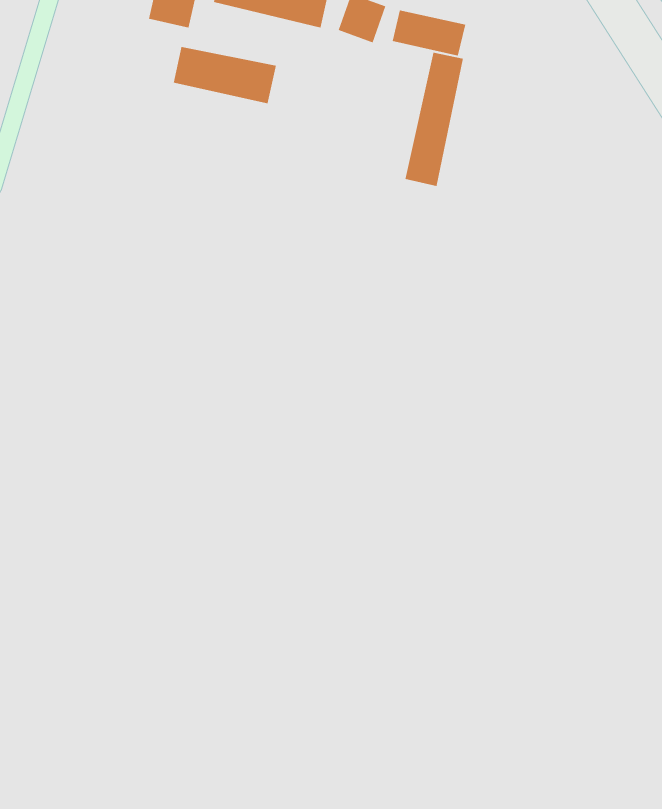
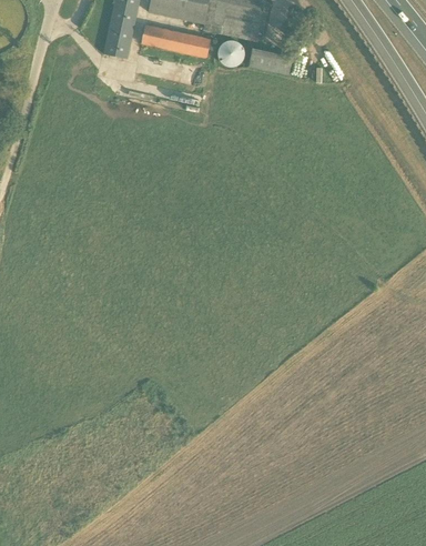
building: [173,46,277,104] -> none
building: [405,52,464,187] -> none

